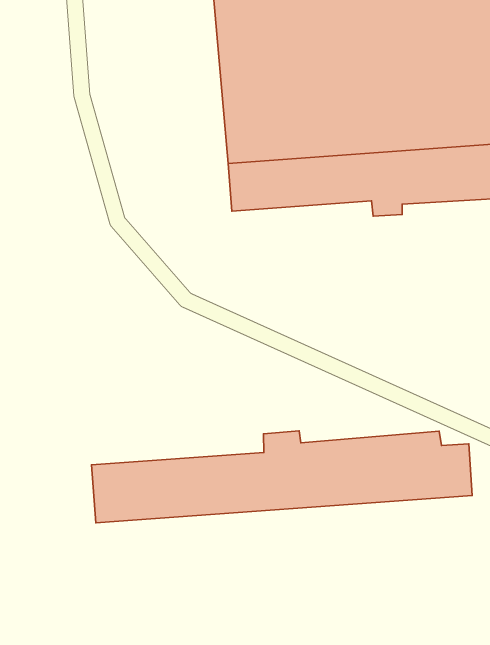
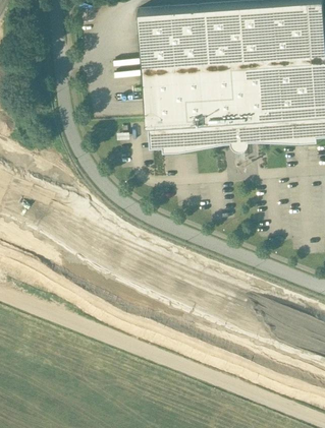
building: [92,431,472,523] -> none

